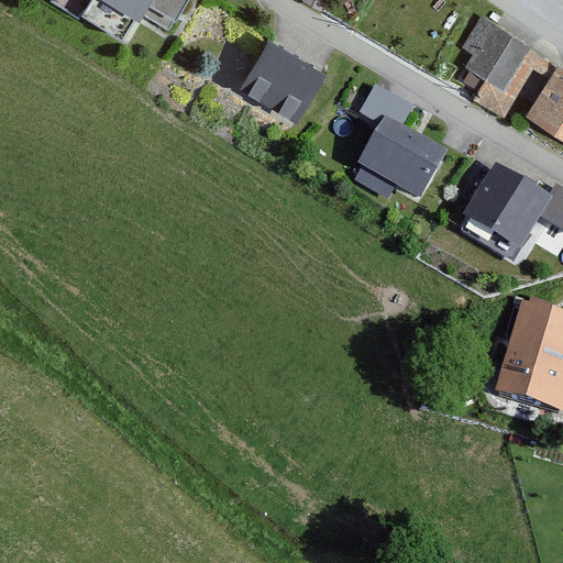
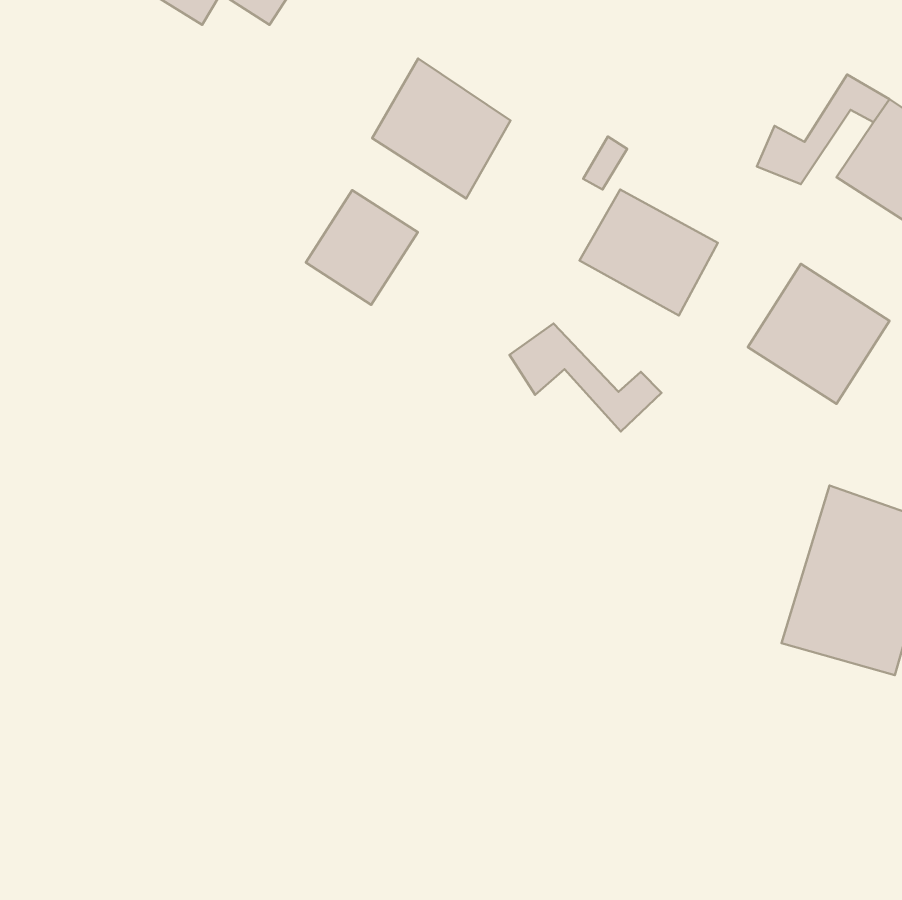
building: [464,23,528,88] -> none
building: none -> [306,190,418,305]
building: none -> [510,323,662,431]

